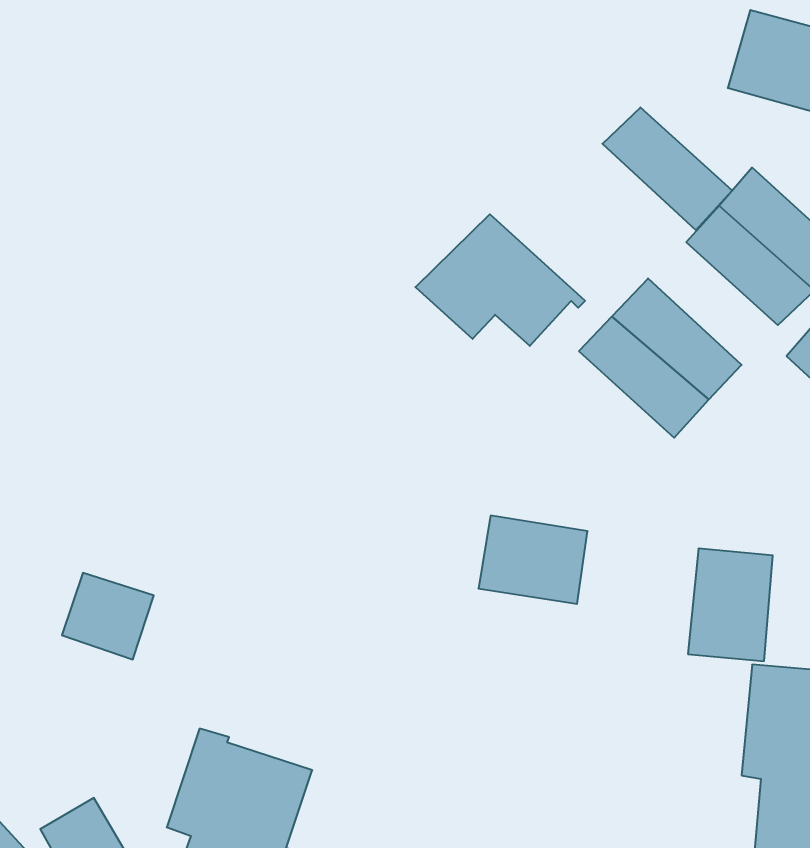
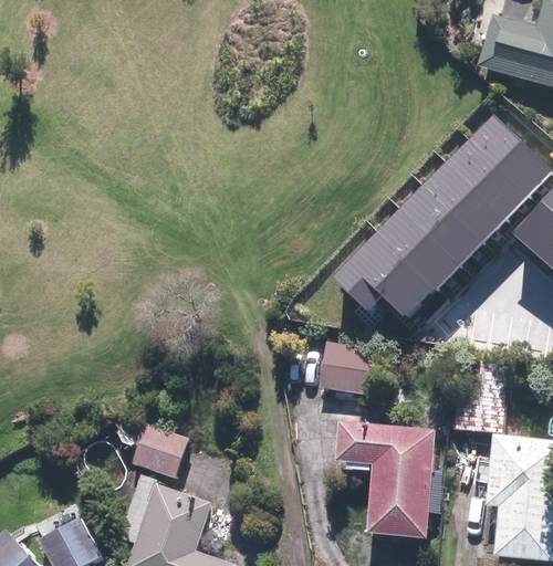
building: [602,107,732,230] -> [426,164,509,242]
building: [415,214,585,346] -> [334,233,442,317]
building: [62,573,154,659] -> [129,421,188,476]
building: none -> [336,422,435,538]

